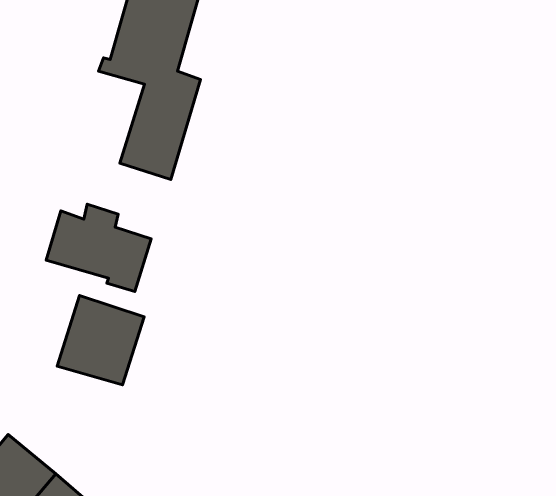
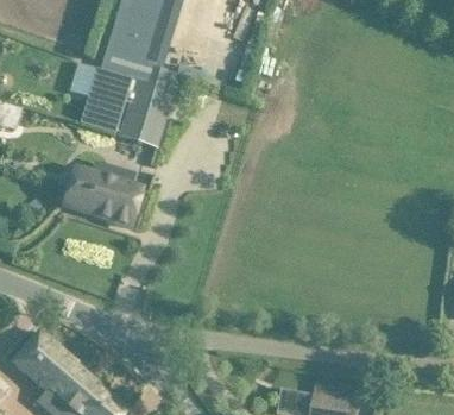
building: none -> [80,69,128,132]
building: [57,295,144,385] -> none

